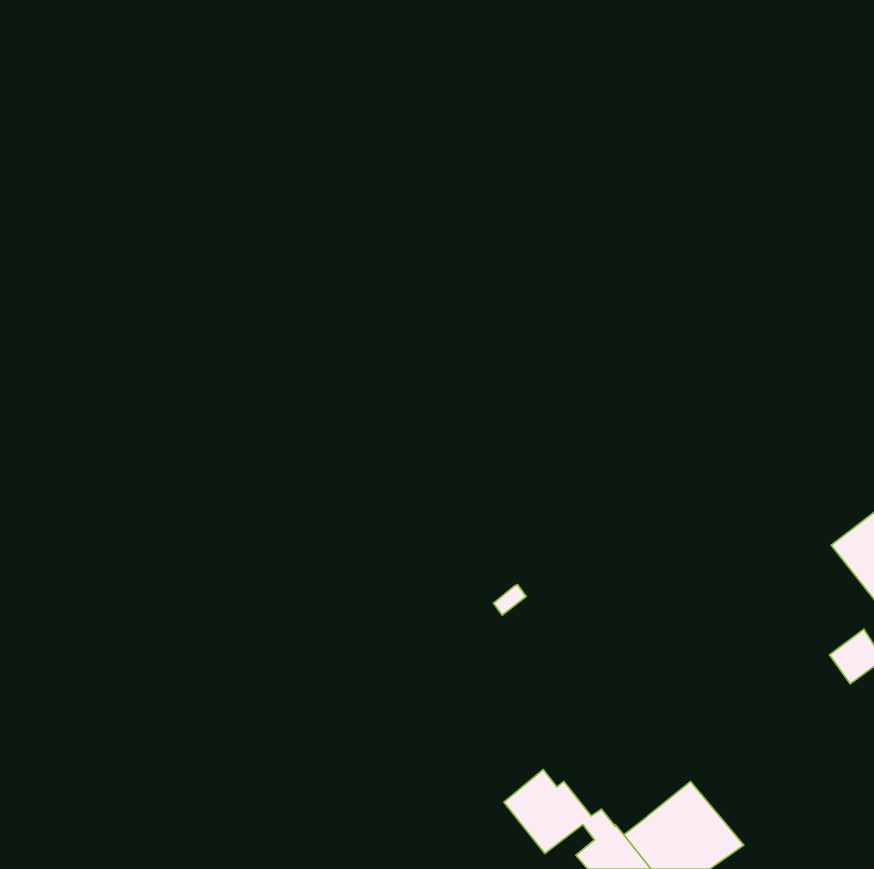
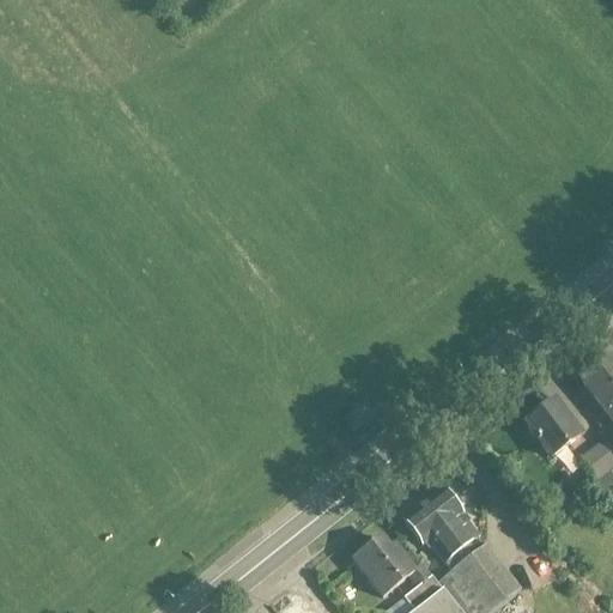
building: none -> [527,402,578,455]
building: none -> [405,490,484,571]

